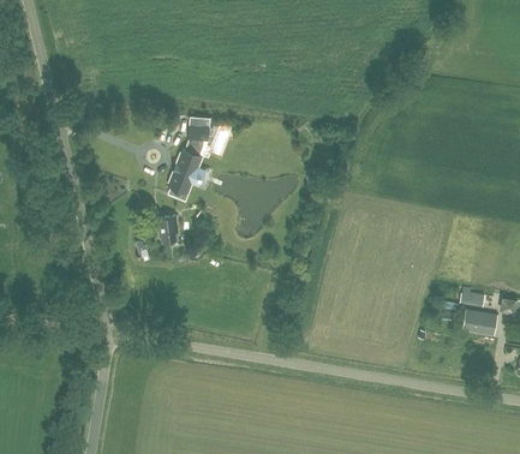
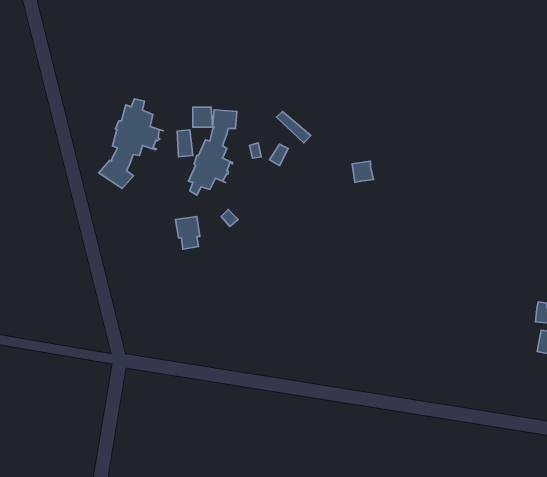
building: none -> [99,99,163,189]

